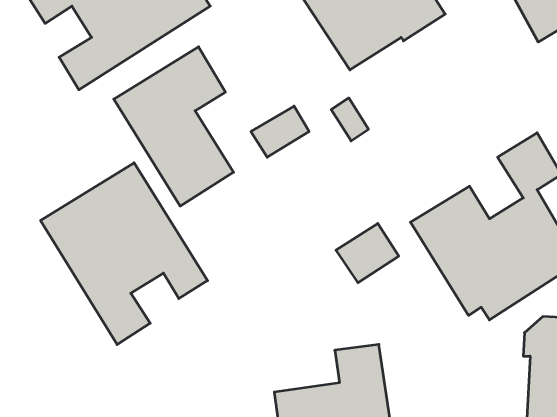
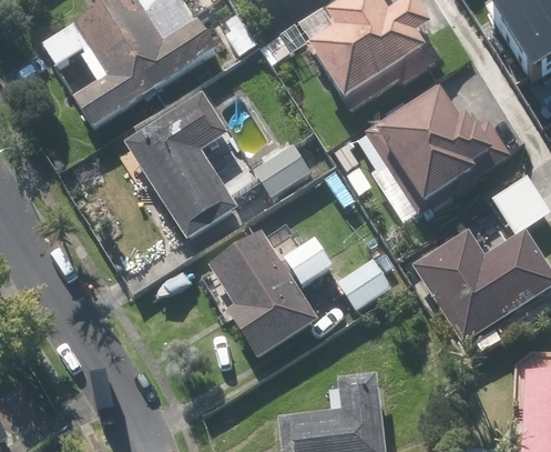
building: none -> [357,82,509,217]
building: [41,163,208,345] -> none
building: none -> [210,230,336,359]

